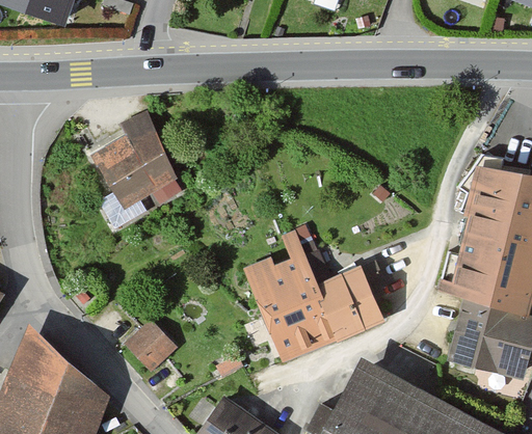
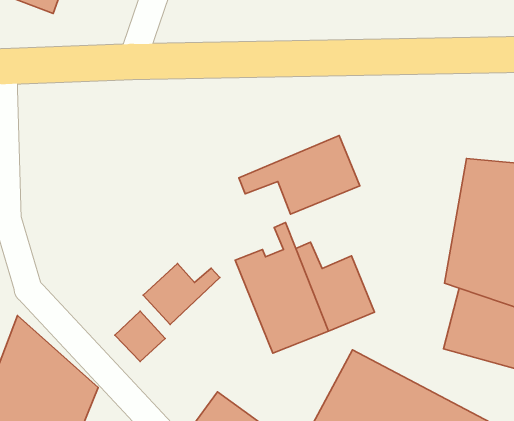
building: [96,112,179,227] -> none
building: none -> [239,135,360,214]
building: none -> [143,263,220,325]

